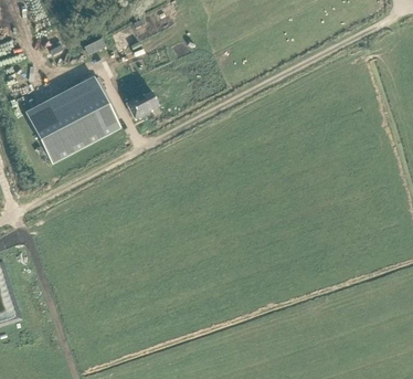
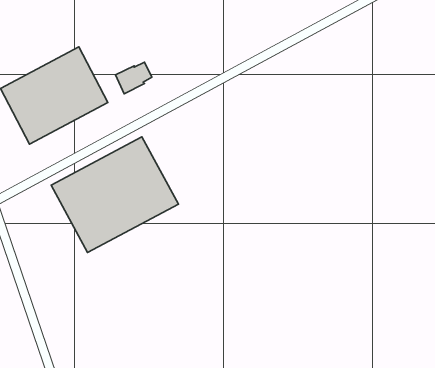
building: none -> [51,137,178,253]

